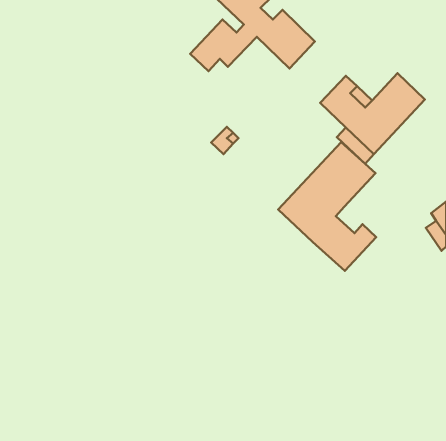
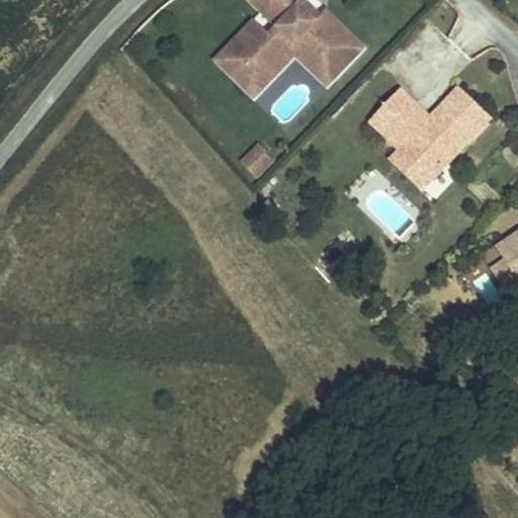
building: none -> [240,42,333,96]
building: [278,142,376,271] -> none

